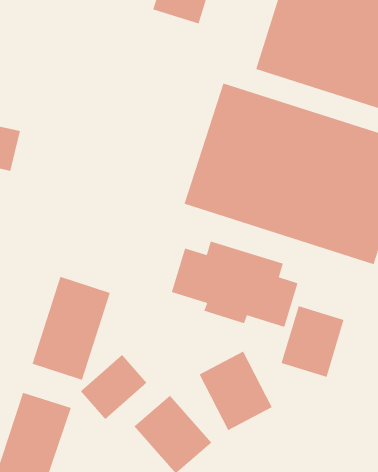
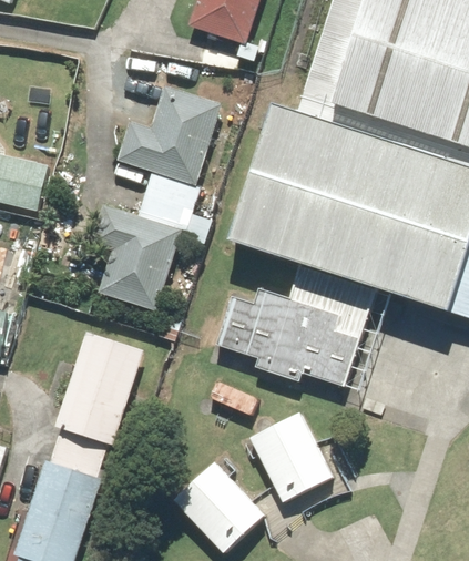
building: none -> [90,86,226,310]
building: [281,305,345,378] -> none
building: [80,354,148,420] -> none

